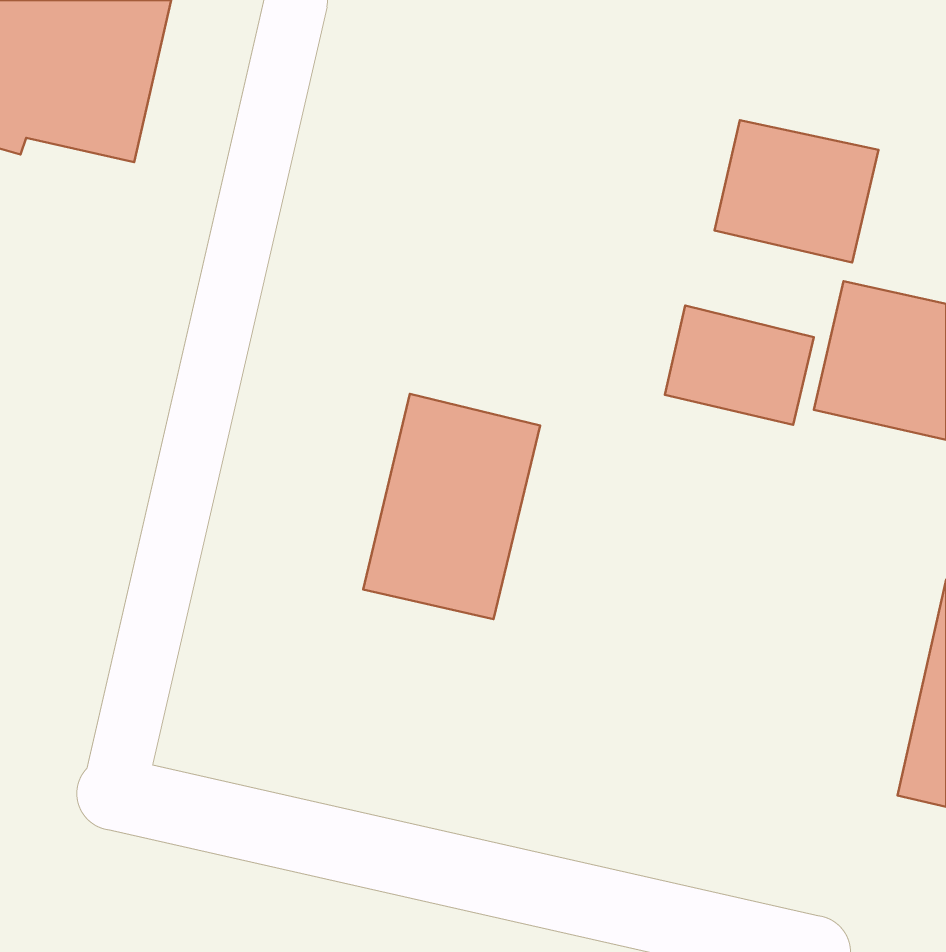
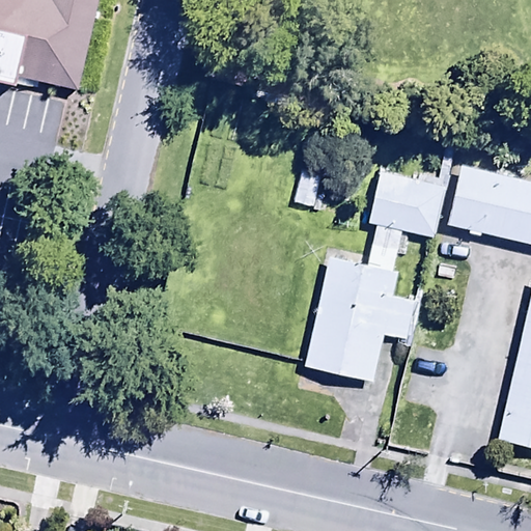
building: [714,120,879,262] -> none
building: [363,394,540,619] -> [306,254,404,380]

